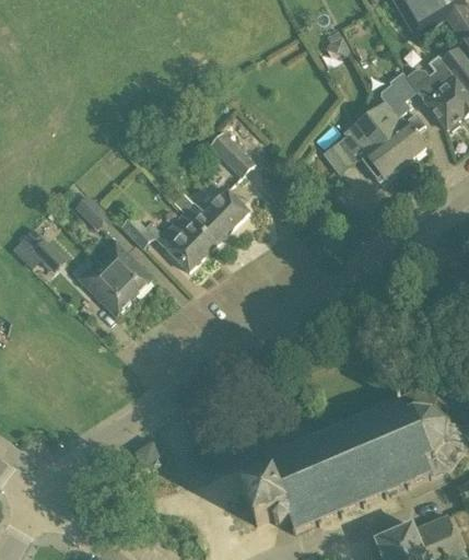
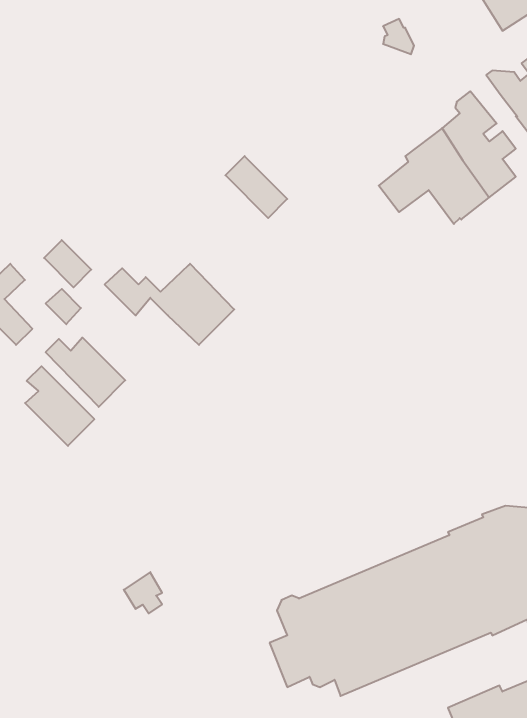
building: [172,190,248,245] -> none
building: [103,238,154,298] -> [25,366,94,446]

